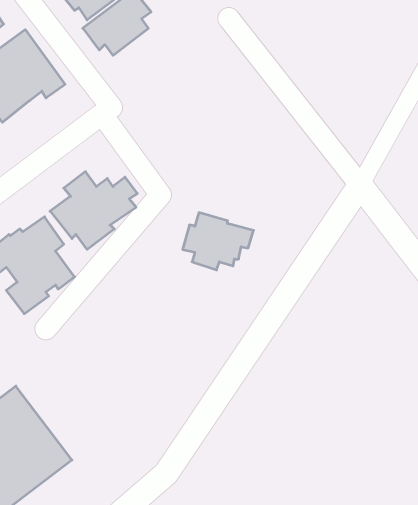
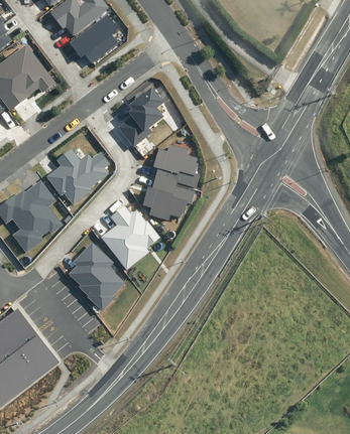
building: none -> [118,87,163,147]
building: none -> [152,144,199,187]
building: none -> [101,206,159,269]
building: none -> [68,243,124,311]

